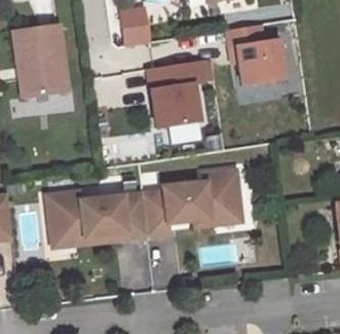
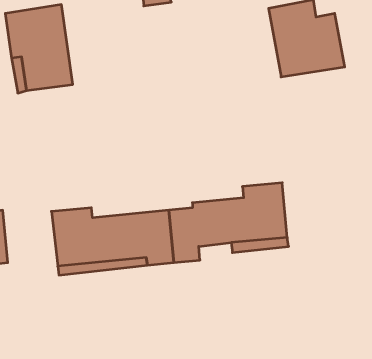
building: [147,57,213,140] -> none

